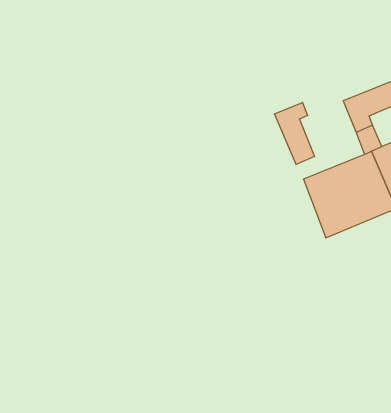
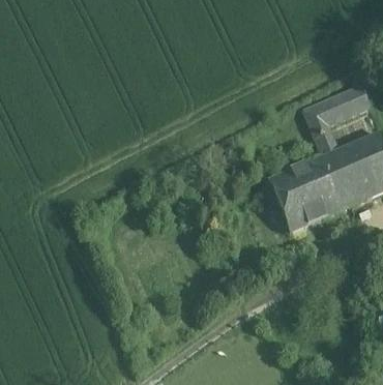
building: [275,102,314,165] -> none

